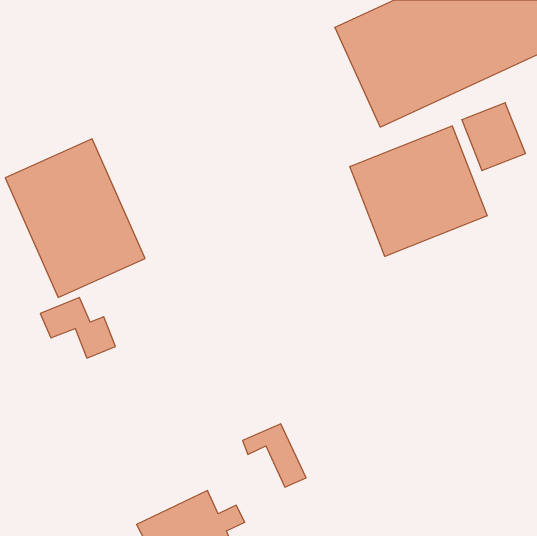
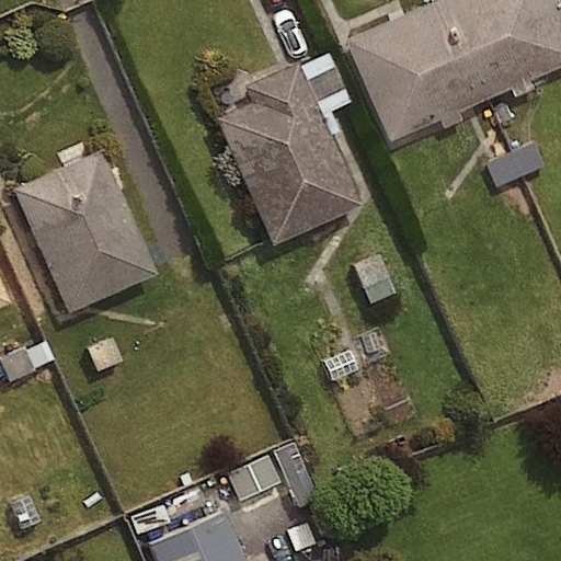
building: none -> [220,65,366,248]
building: [350,126,487,256] -> none

